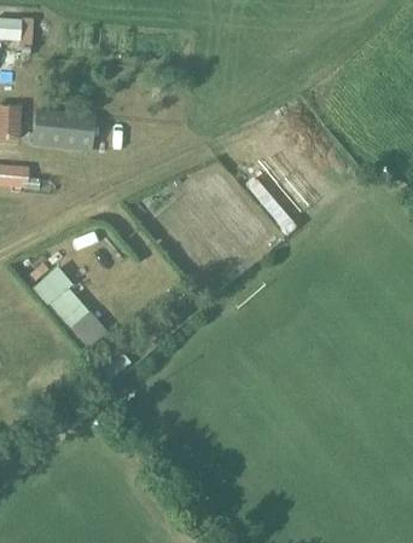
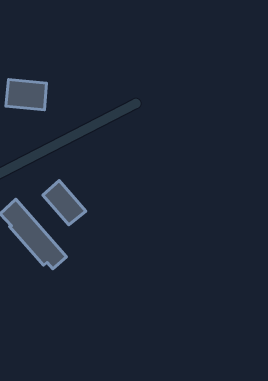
building: none -> [43,181,86,225]

